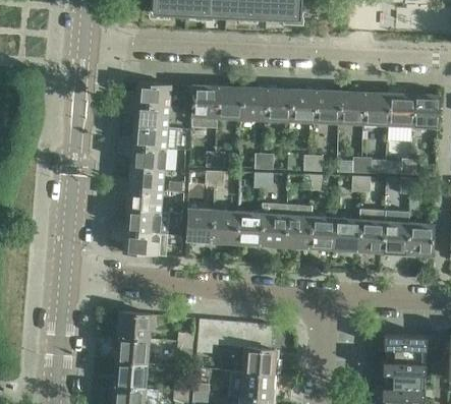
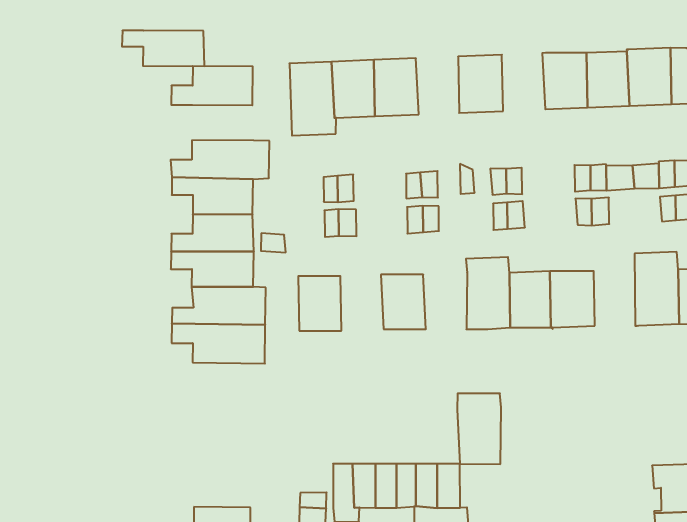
building: [266,88,291,121] -> none
building: [315,90,340,123] -> none
building: [122,103,170,127] -> [122,31,205,66]
building: [260,204,286,246] -> [457,393,501,464]
building: [357,209,384,252] -> none
building: [211,210,236,242] -> none
building: [117,310,152,339] -> none

